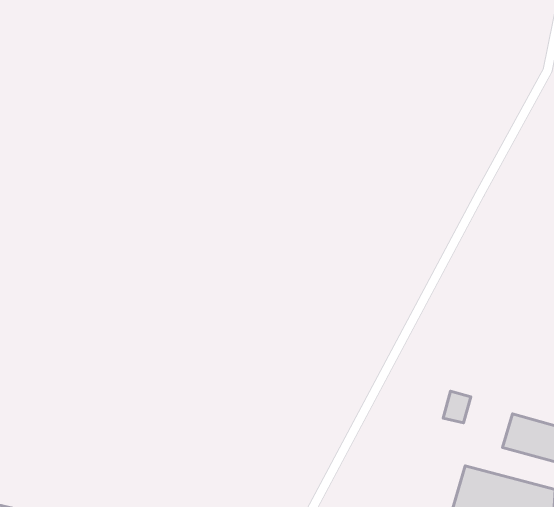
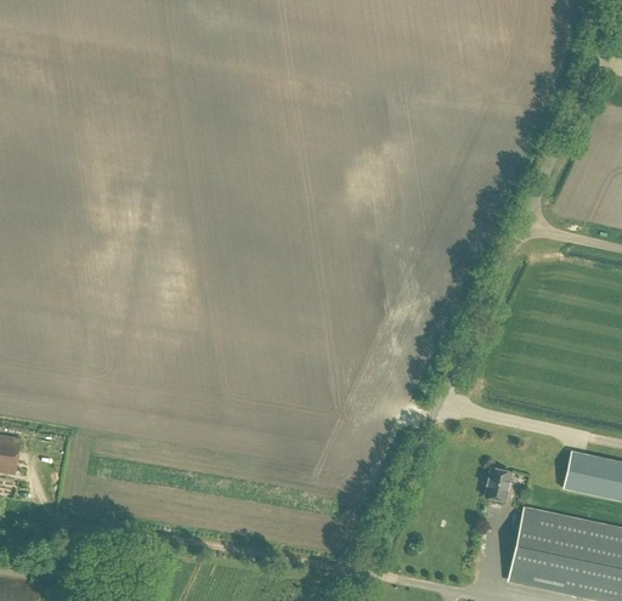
building: [443,391,471,423] -> [484,466,511,499]

